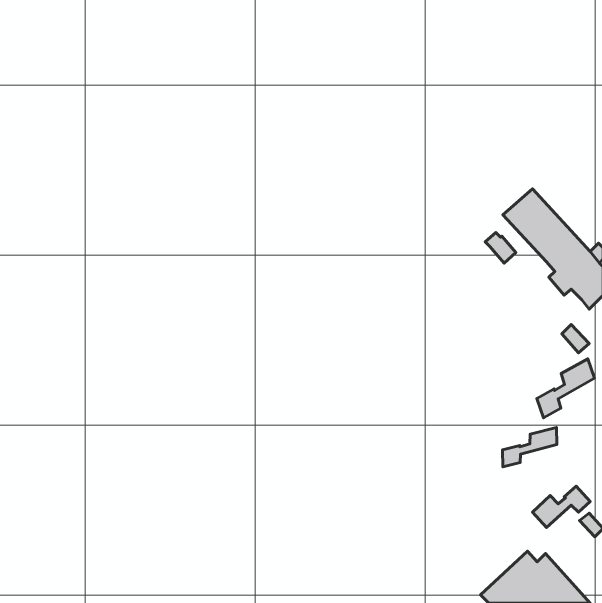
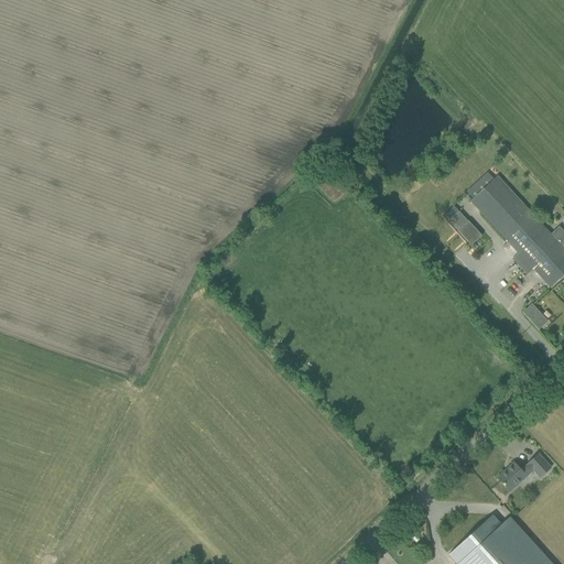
building: [537,359,595,418] -> none
building: [502,428,557,467] -> none

